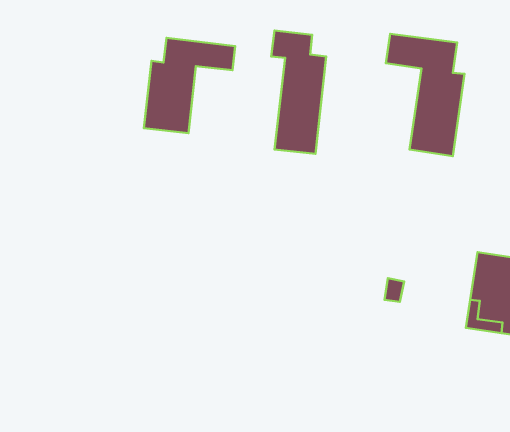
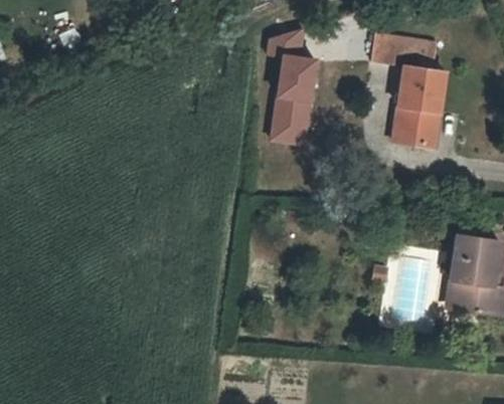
building: [144,38,235,133] -> none

